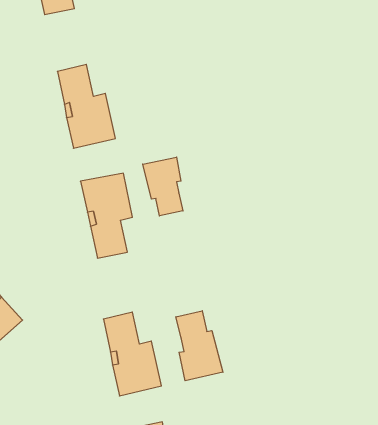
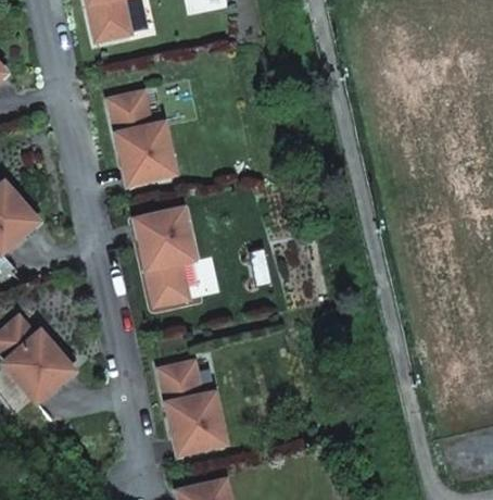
building: [143,157,183,216] -> none
building: [176,311,223,381] -> none

